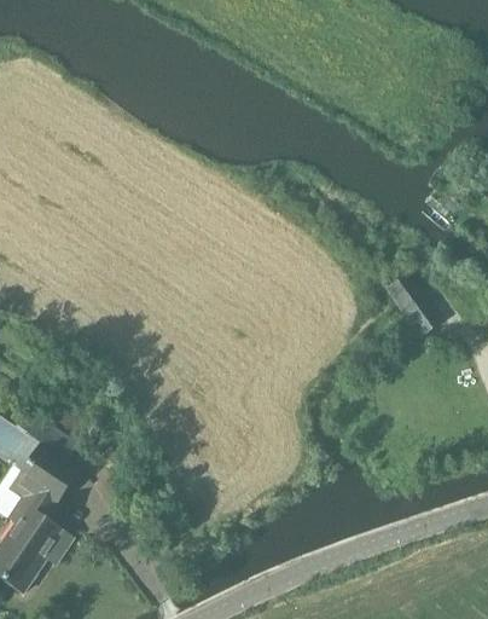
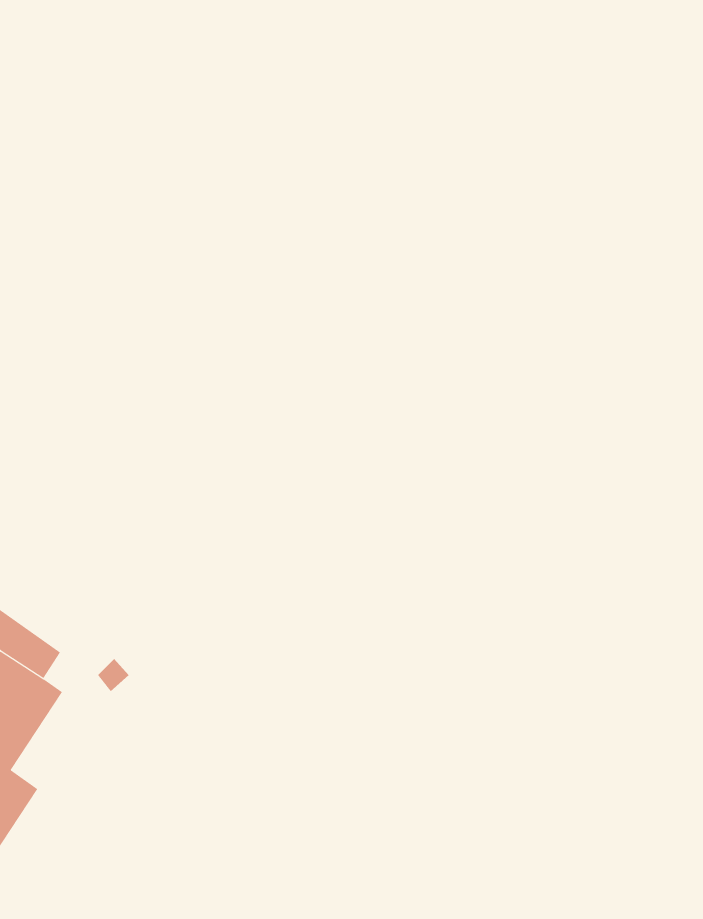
building: [391,274,442,336] -> none

